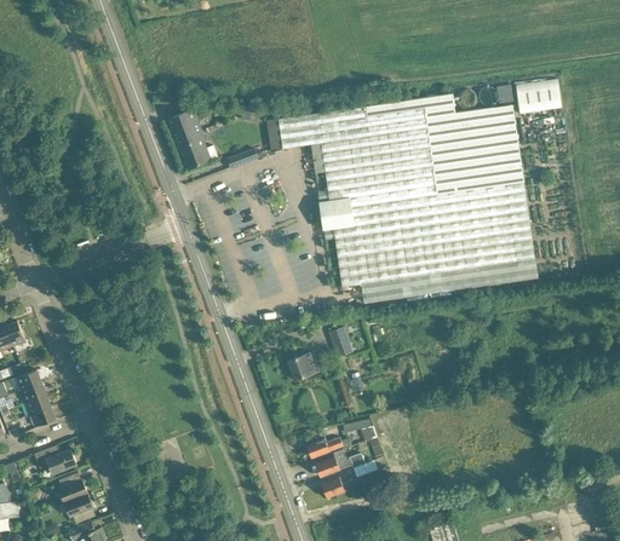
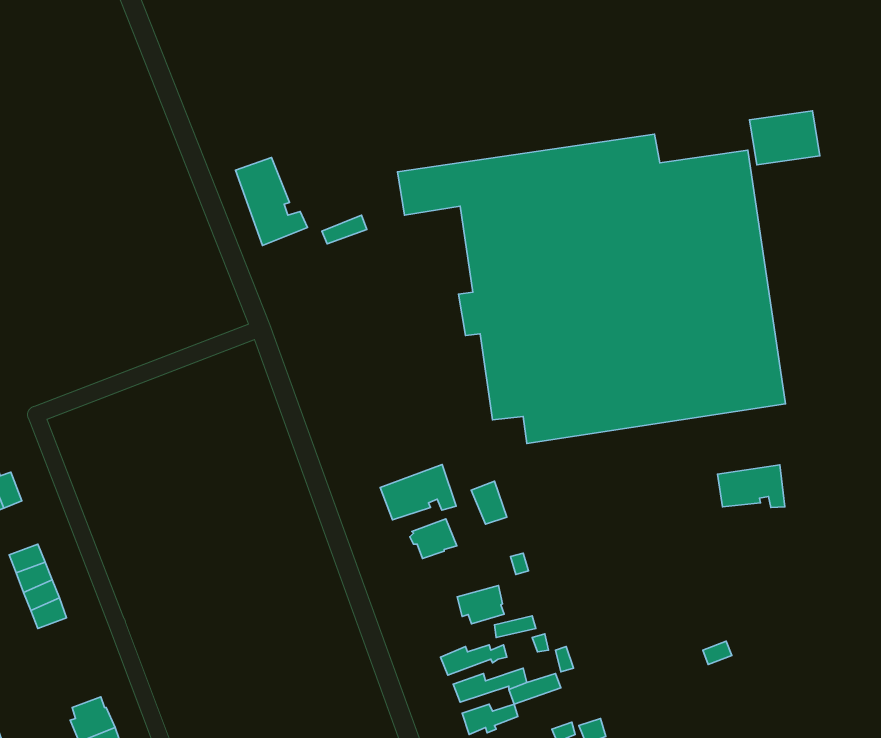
building: none -> [380,465,456,520]
building: none -> [717,465,785,508]
building: none -> [457,585,504,624]
building: [33,448,75,474] -> none

